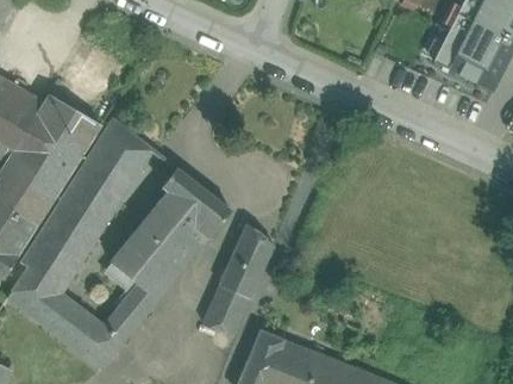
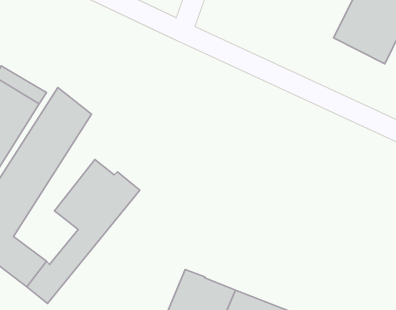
building: [156,168,231,239] -> none
building: [202,223,274,335] -> none

